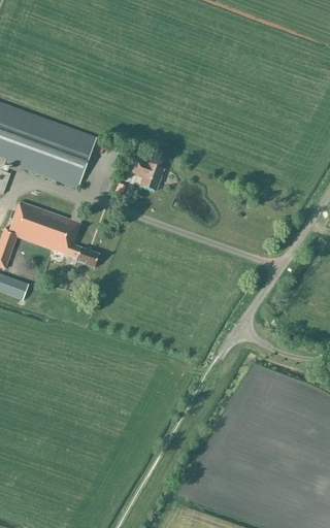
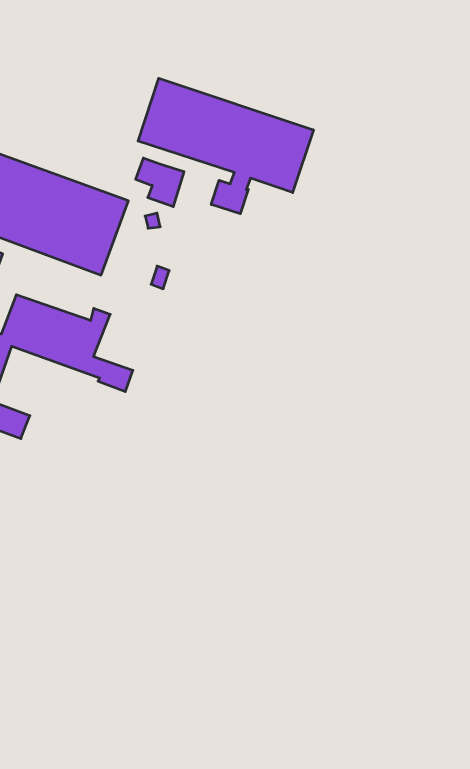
building: none -> [138,78,313,214]
building: [130,158,163,191] -> [136,158,184,207]

